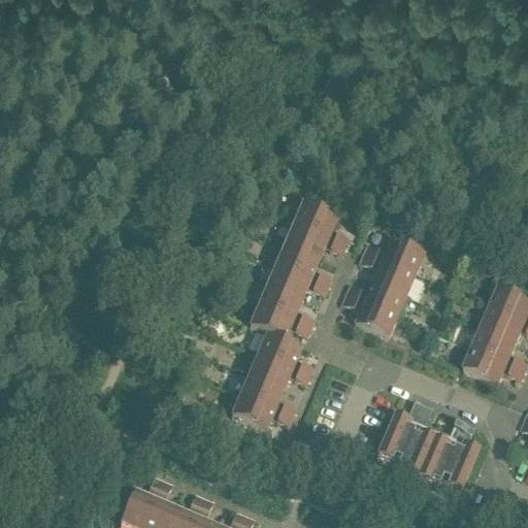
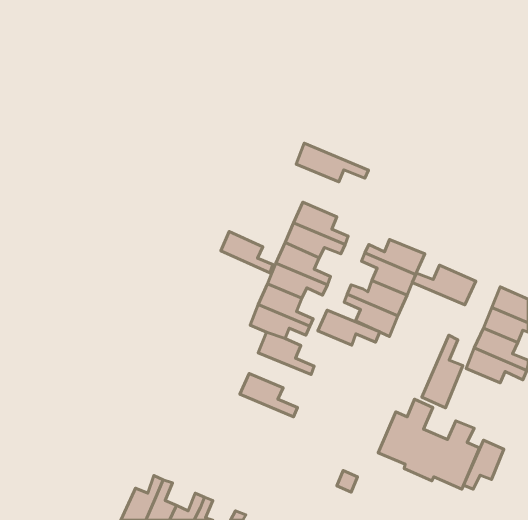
building: none -> [296,143,369,182]
building: none -> [221,231,273,273]
building: none -> [412,265,476,305]
building: none -> [422,335,463,408]
building: [249,353,310,388] -> [318,310,380,345]
building: [231,394,293,429] -> none
building: none -> [464,440,504,489]

